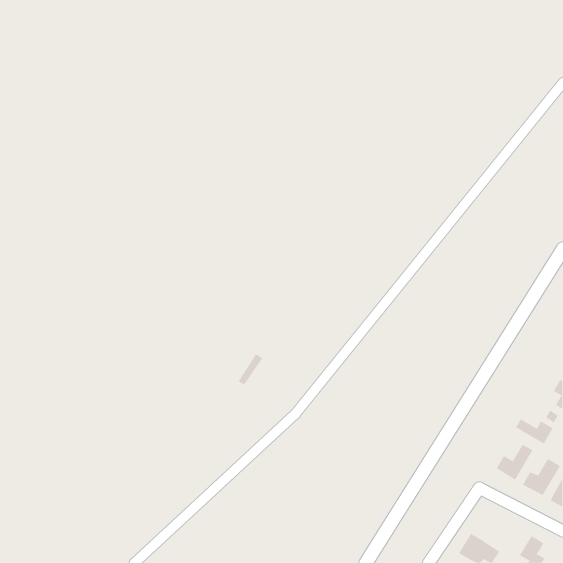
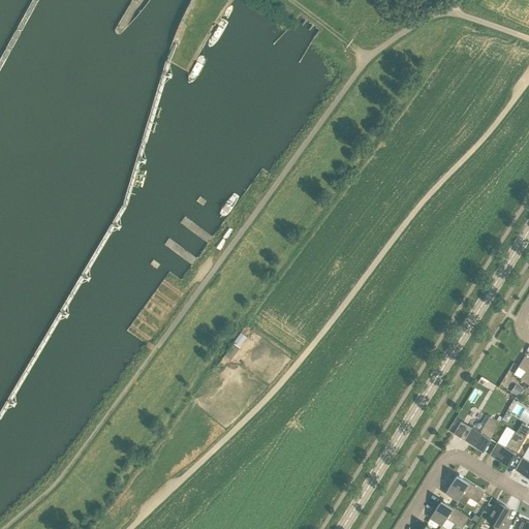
building: [516,419,553,444] -> none
building: none -> [445,474,485,504]

